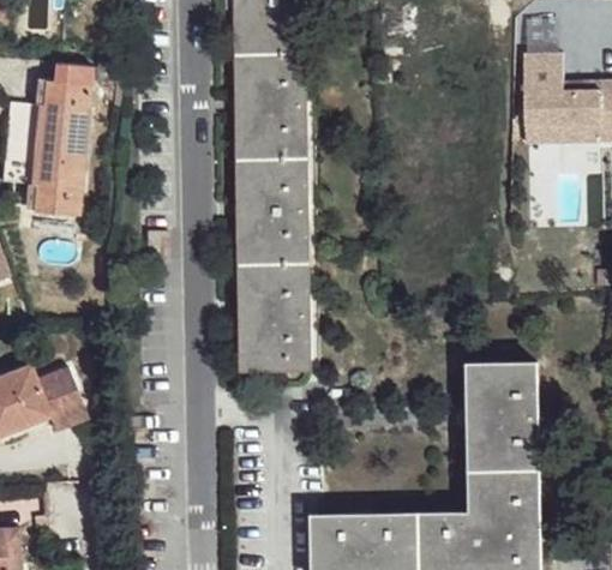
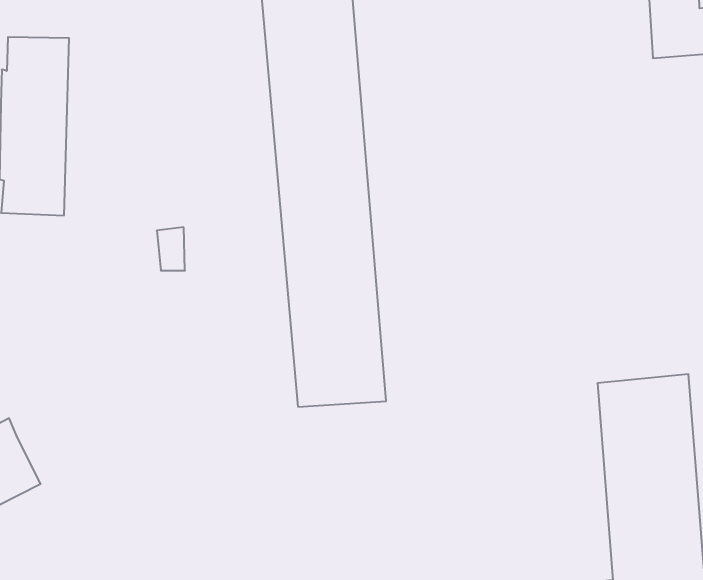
building: [31,365,90,430] -> none

